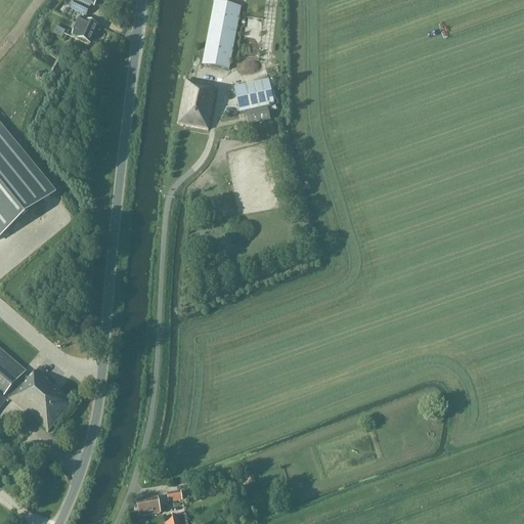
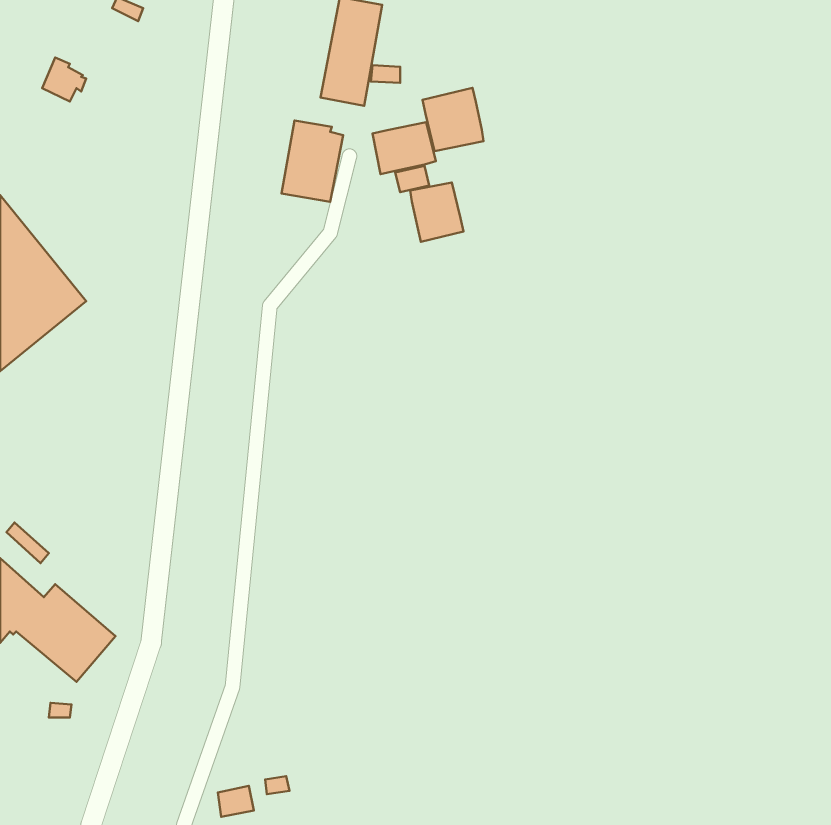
building: [73,12,100,40] -> [42,57,86,101]
building: none -> [422,88,484,151]
building: none -> [410,182,463,242]

